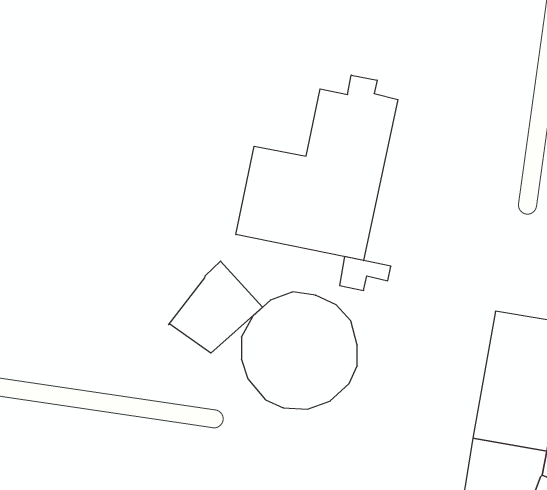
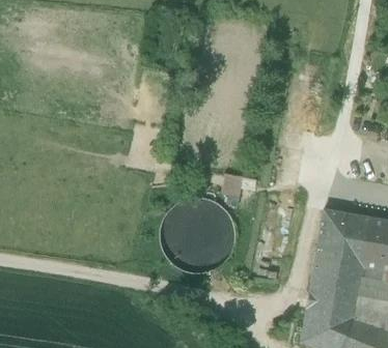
building: [236,75,398,261] -> none
building: [169,261,262,353] -> none

